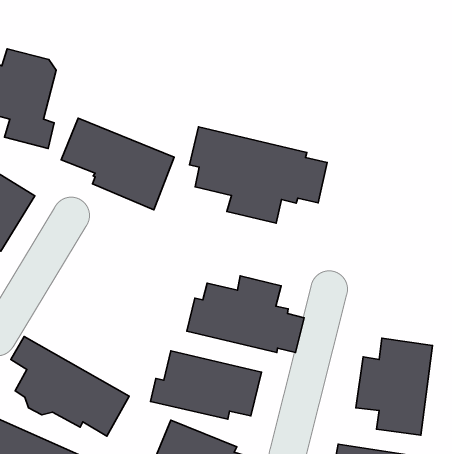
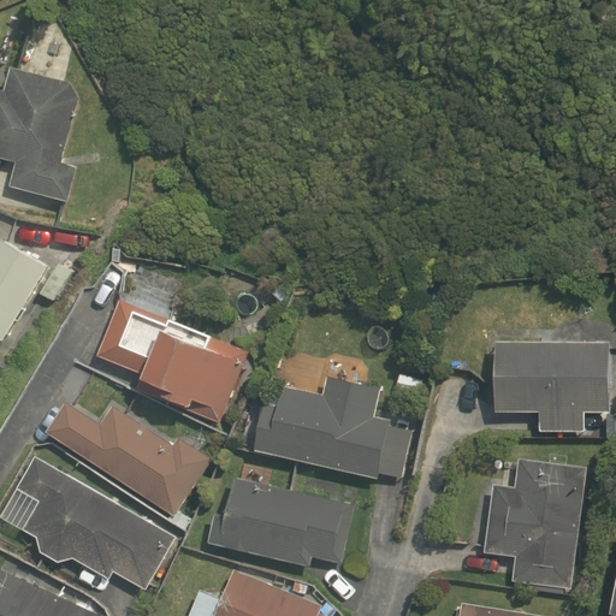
building: [61,118,174,210] -> [94,298,247,422]
building: [190,127,327,223] -> none
building: none -> [493,342,606,432]
building: none -> [42,399,209,515]

